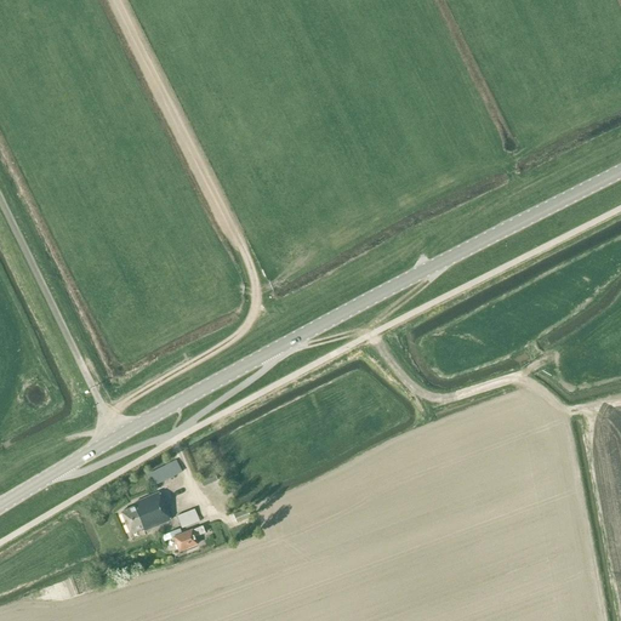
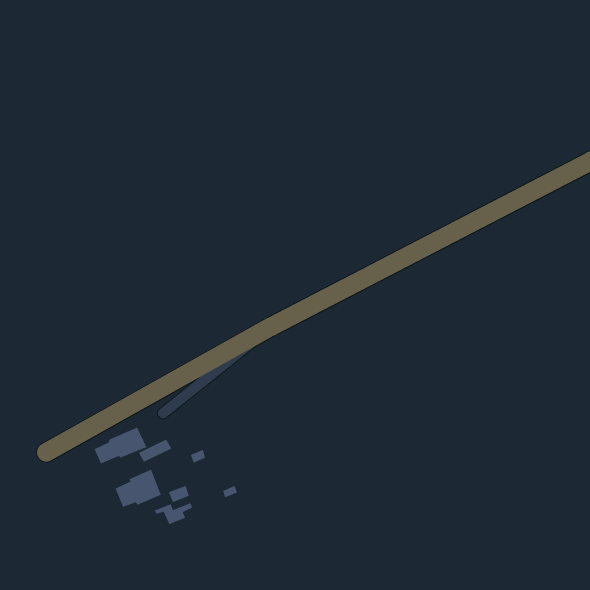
building: none -> [93,427,148,464]

